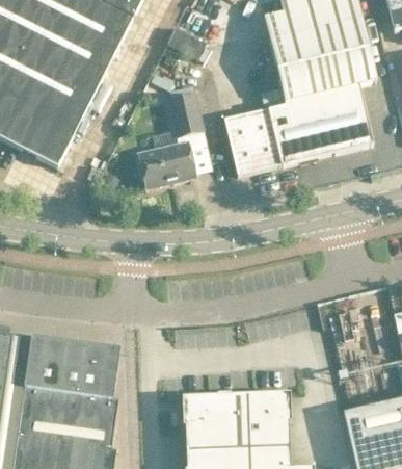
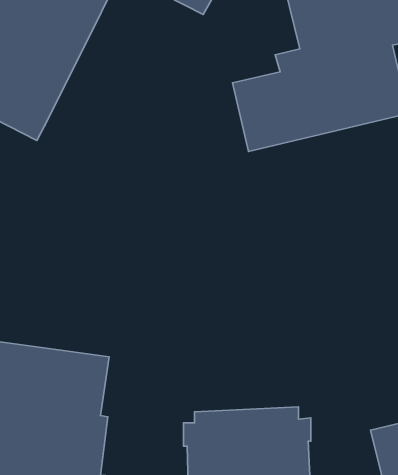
building: [139,94,207,186] -> none

